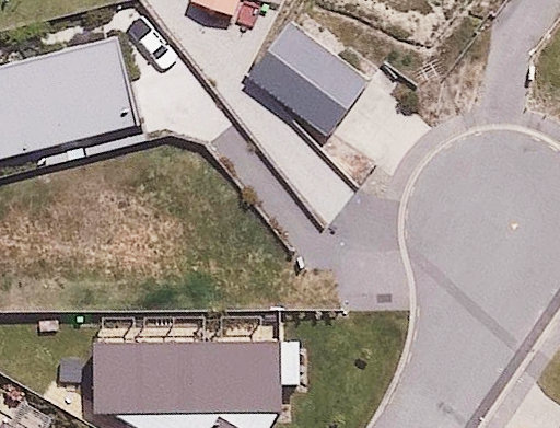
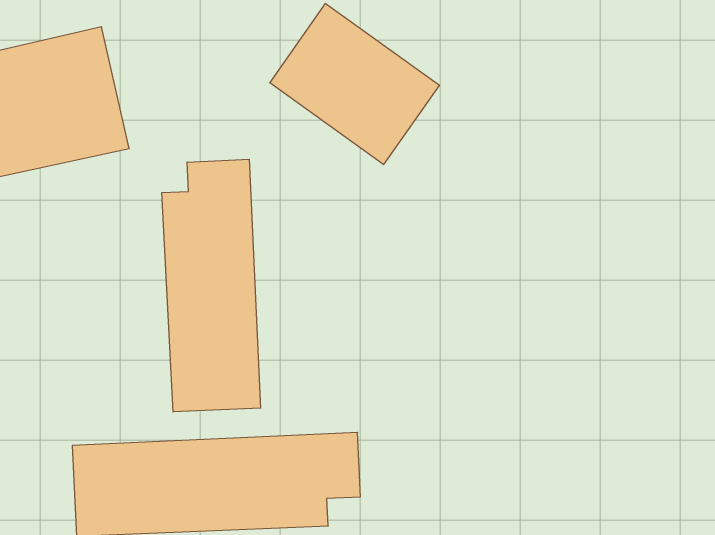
building: none -> [162,159,261,412]

